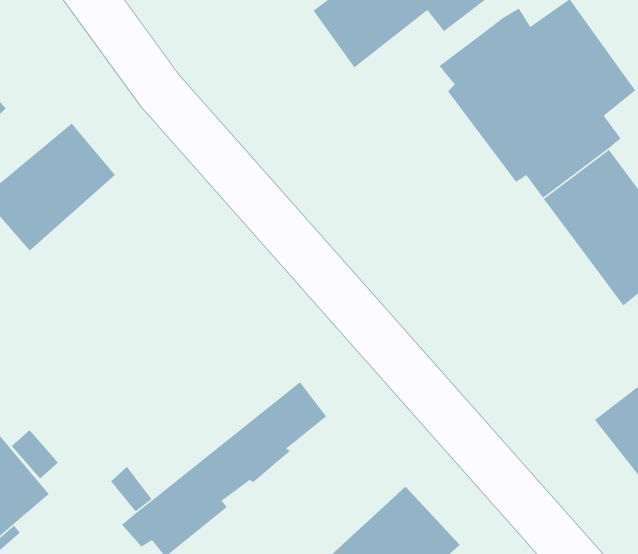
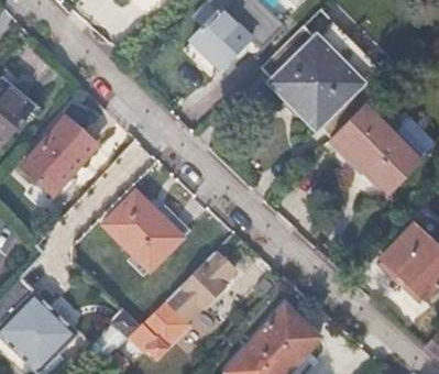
building: none -> [100,192,186,273]

